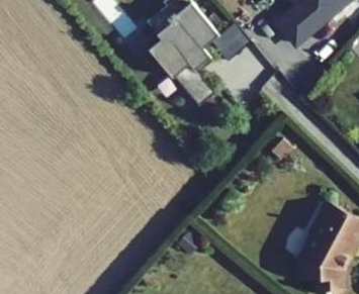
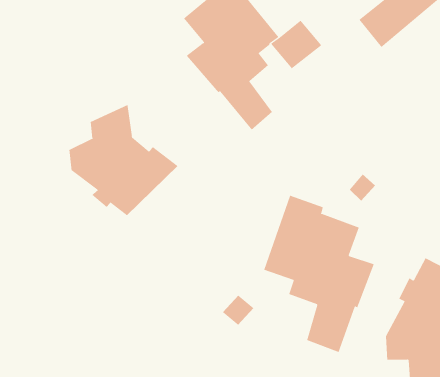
building: none -> [69,104,179,216]
building: none -> [264,195,374,353]

